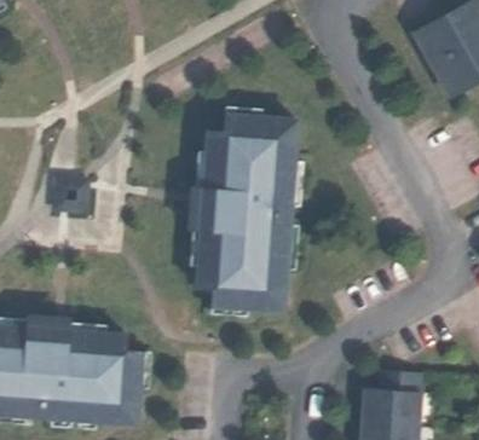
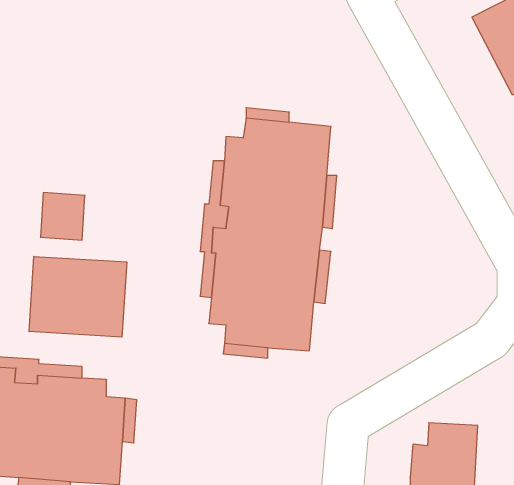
building: none -> [29,256,127,337]

